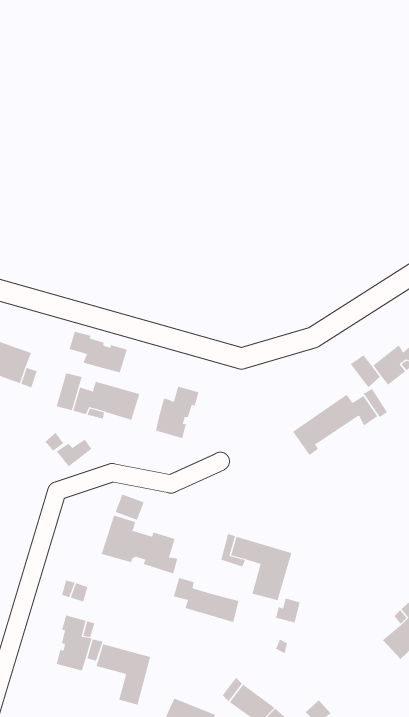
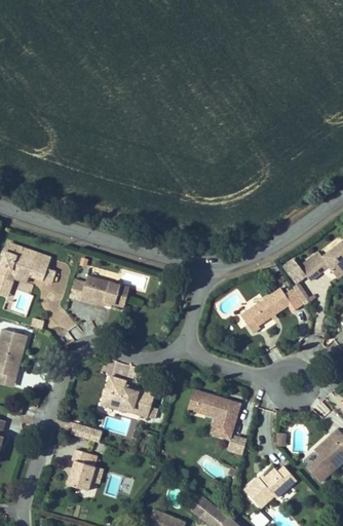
building: [69,331,127,373] -> none
building: [155,386,199,439] -> none
building: [173,577,239,623] -> none
building: none -> [244,462,296,508]
building: [96,644,151,705] -> none

